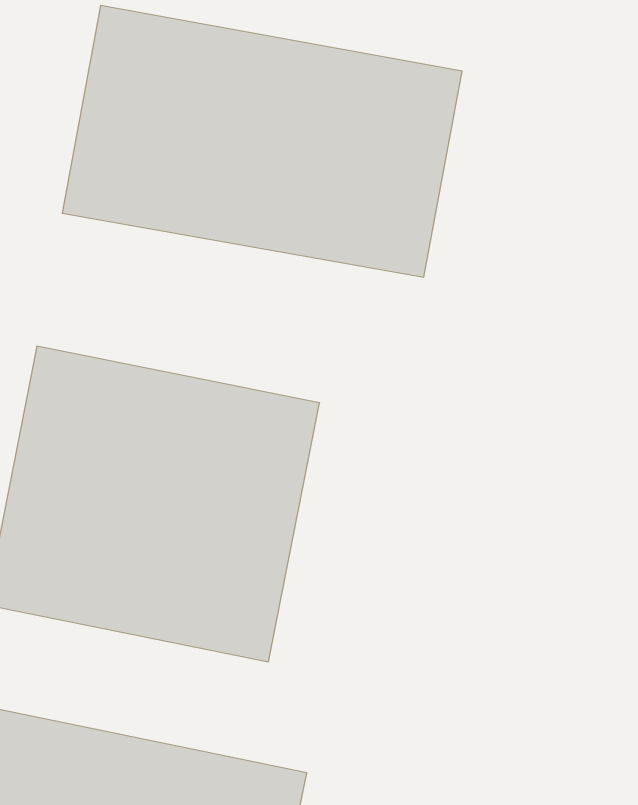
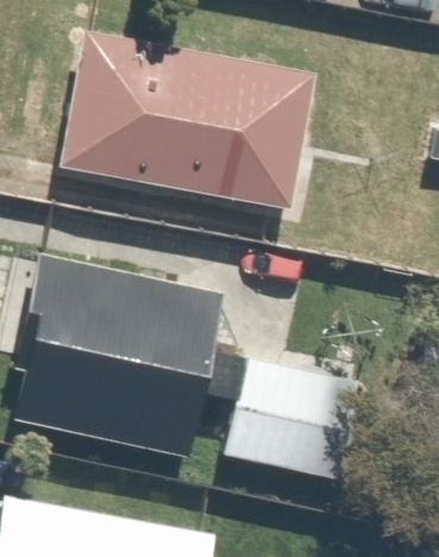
building: none -> [227,350,381,480]

